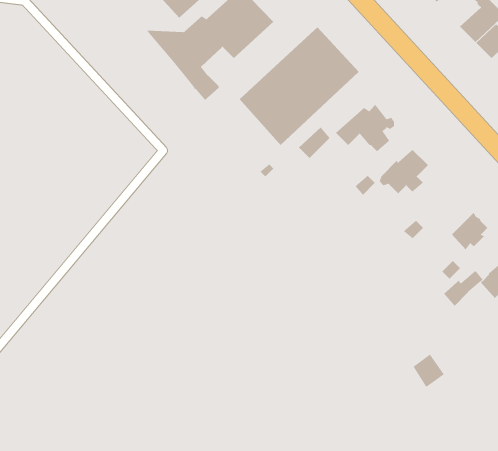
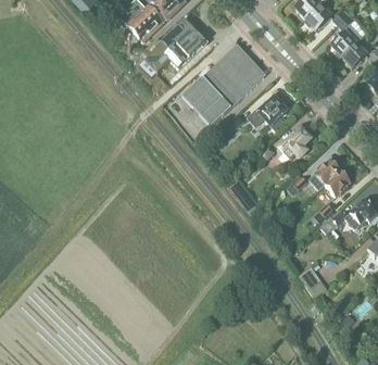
building: none -> [310,159,341,189]

